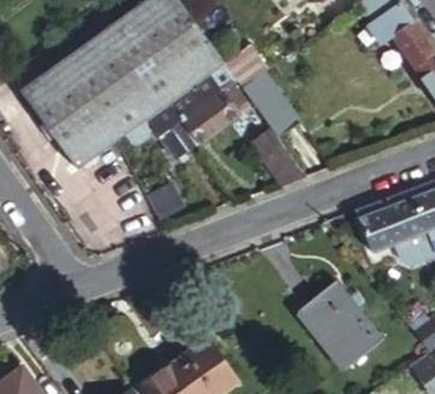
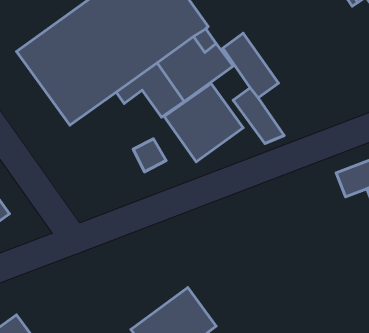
building: none -> [164,84,243,162]
building: [300,282,382,371] -> none

